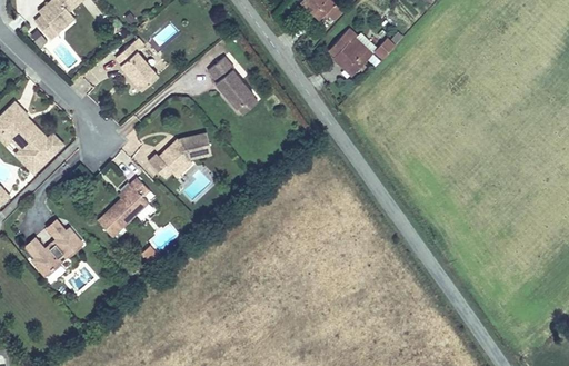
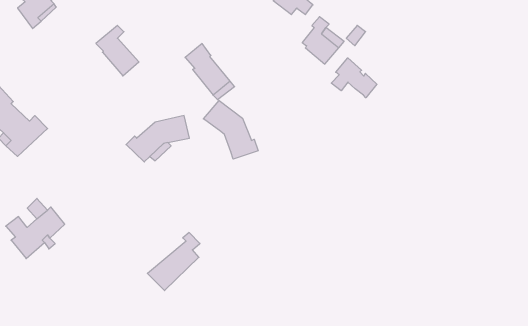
building: none -> [331,58,377,98]
building: none -> [203,100,258,159]
building: [96,177,150,237] -> [147,233,200,291]

